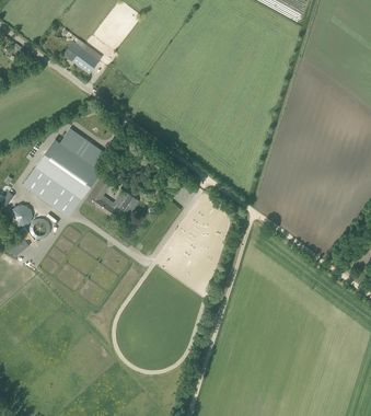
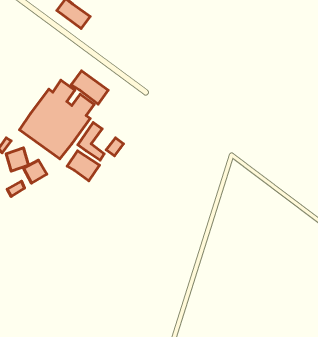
building: none -> [71,71,108,104]
building: none -> [67,151,99,181]

